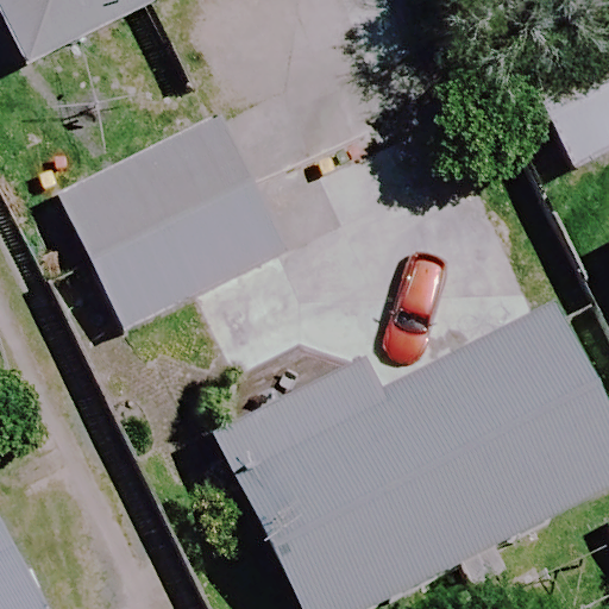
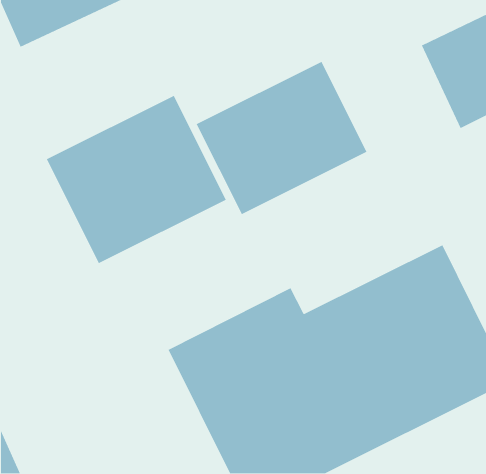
building: none -> [196,61,367,215]

